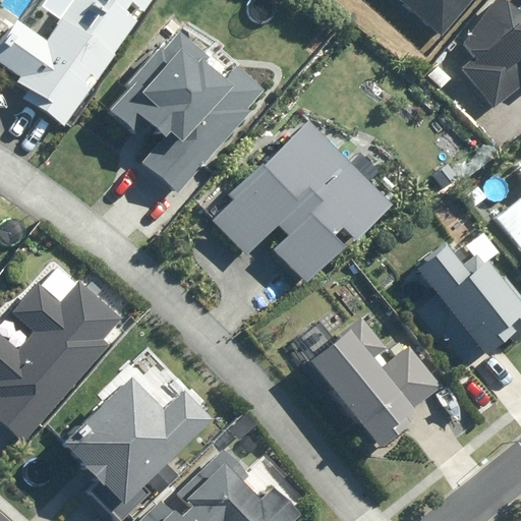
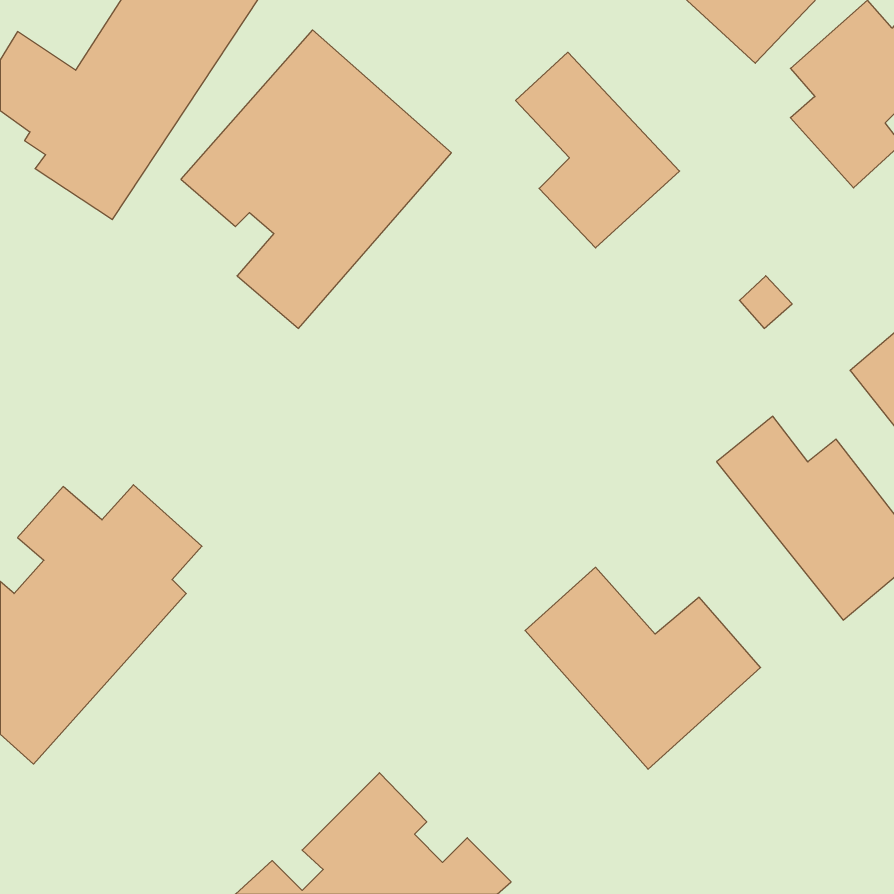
building: none -> [516,52,680,248]
building: [211,119,392,287] -> none
building: [61,377,210,505] -> none

